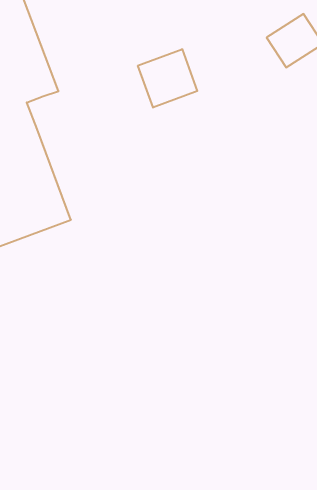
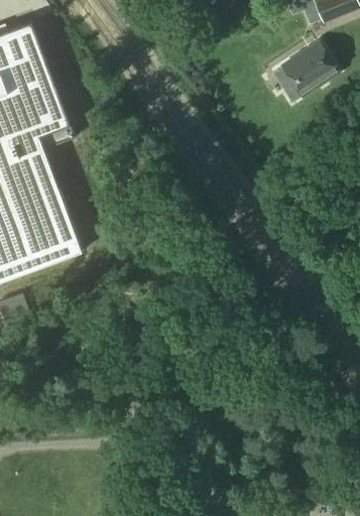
building: [138,49,197,108] -> none

